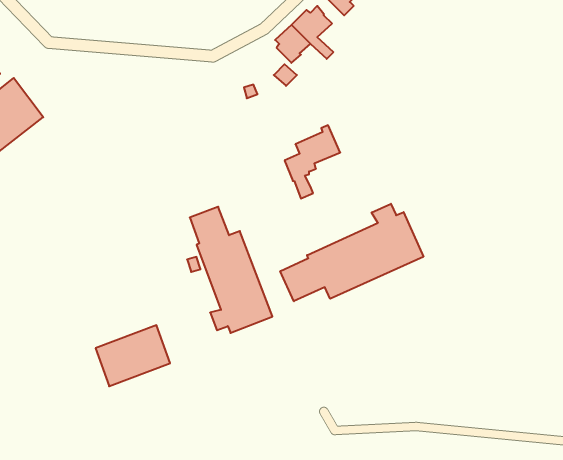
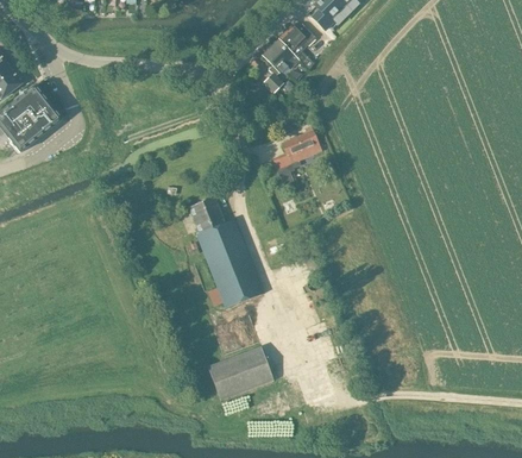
building: [280,204,423,301] -> none
building: [96,325,170,386] -> [208,346,273,400]

